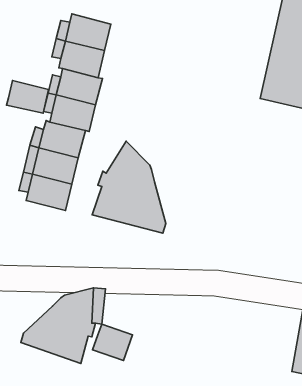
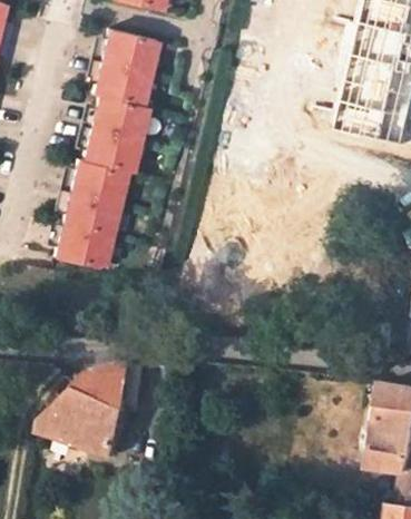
building: [7,81,49,113] -> none
building: [92,141,166,233] -> none
building: [93,324,133,361] -> none

